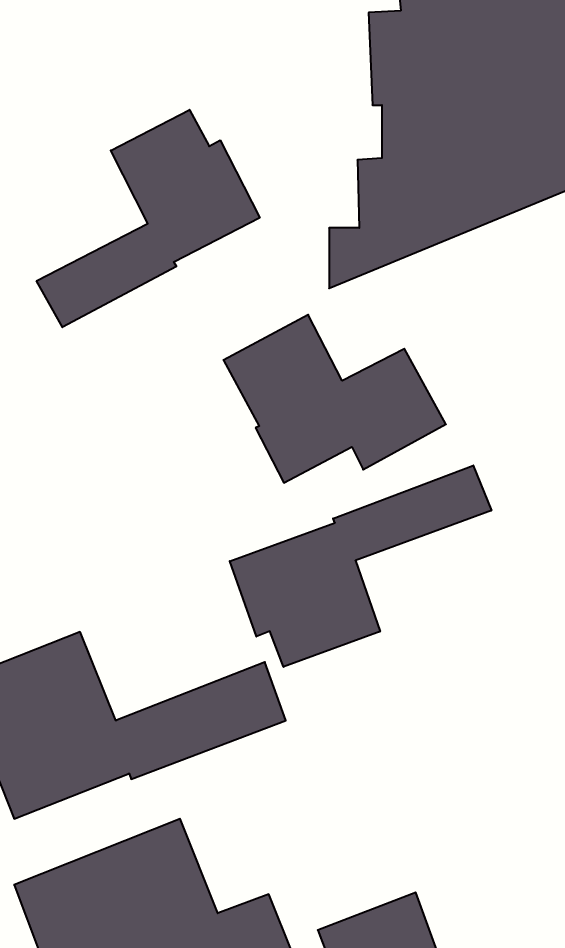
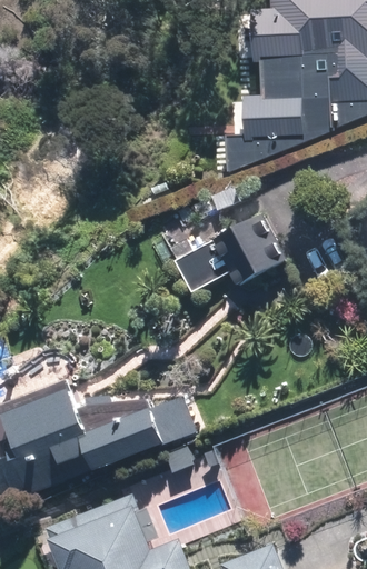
building: [37,110,260,327] -> none
building: [230,465,491,667] -> none

